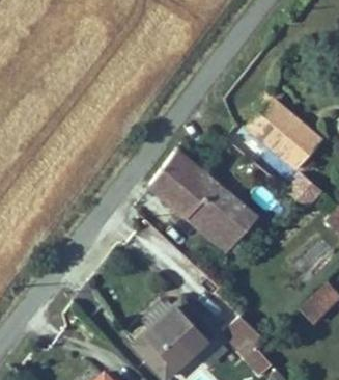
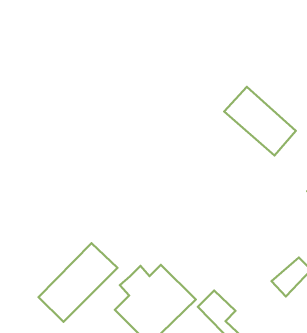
building: [158,160,256,255] -> none
building: none -> [39,243,117,322]

